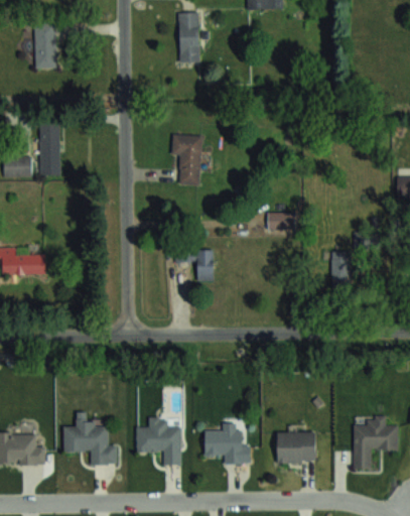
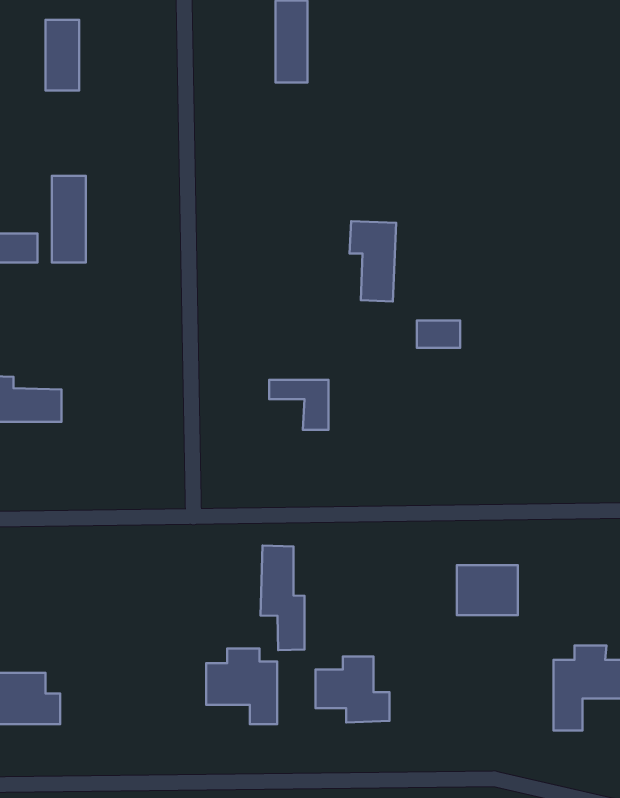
building: [172,135,201,185] -> [350,221,396,302]
building: [331,252,355,287] -> none
building: none -> [260,546,304,650]
building: [63,412,117,465] -> none
building: [277,432,315,464] -> [457,565,518,615]

